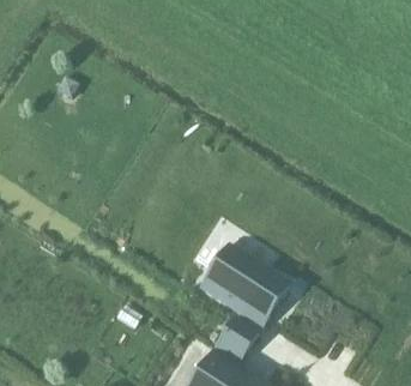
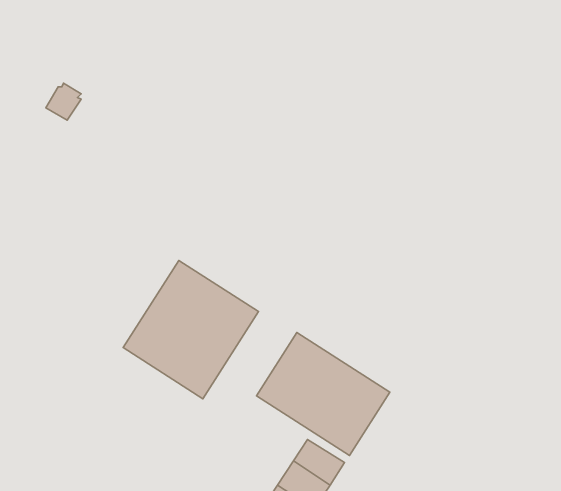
building: none -> [123,260,259,399]

